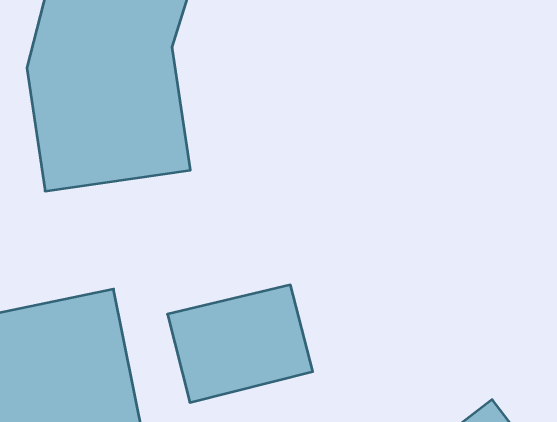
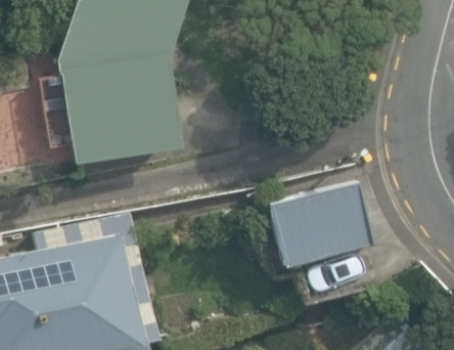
building: [167,285,313,402] -> [270,182,376,268]

